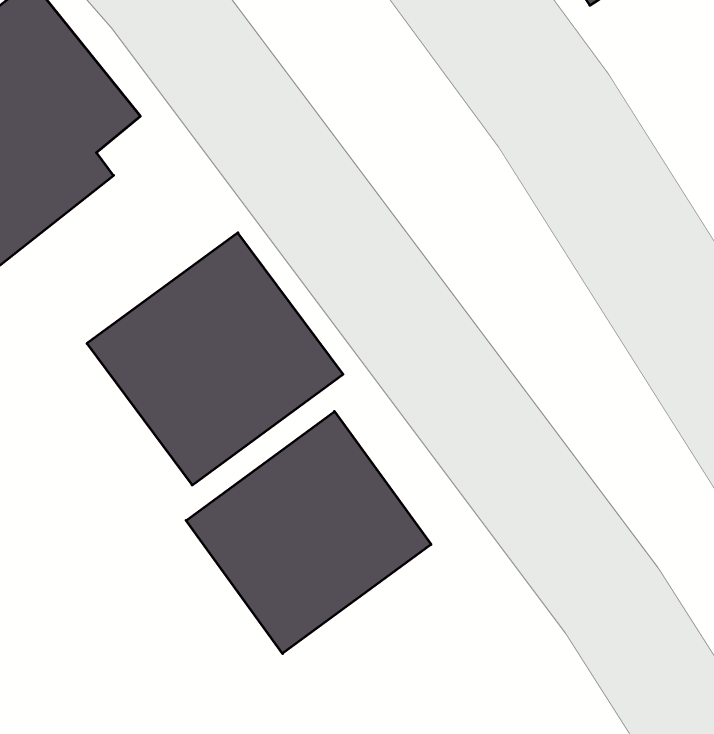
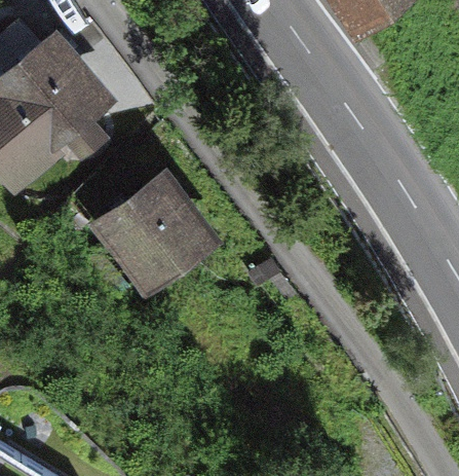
building: [186,411,431,654] -> none

